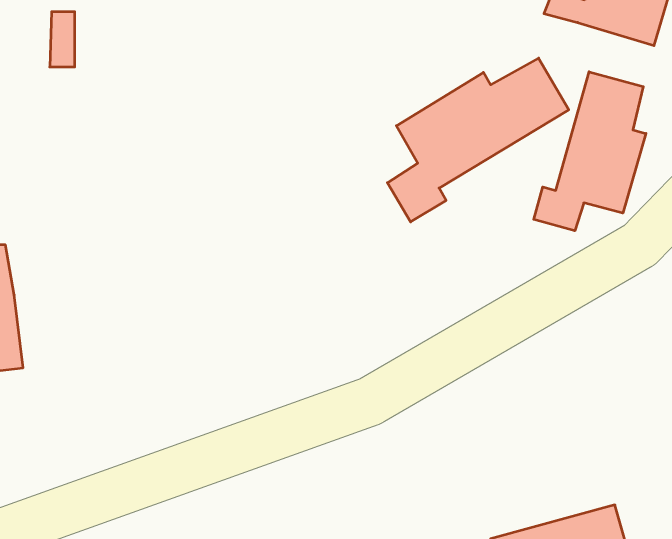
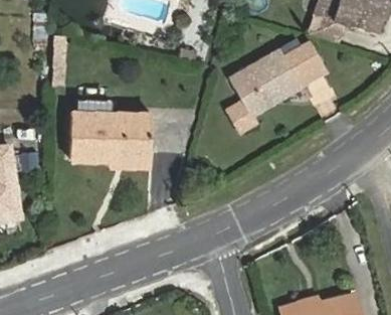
building: [534,72,646,231] -> none
building: none -> [69,111,151,161]

